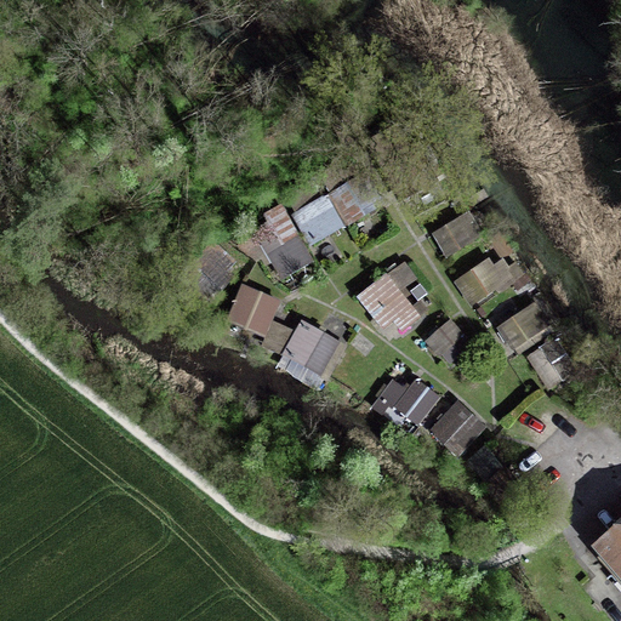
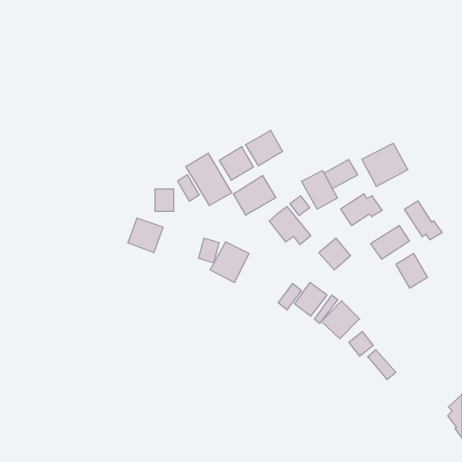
building: none -> [362,143,408,187]
building: none -> [302,171,337,209]
building: none -> [234,176,276,215]
building: none -> [405,201,442,240]
building: [228,286,275,332] -> [128,218,163,253]

